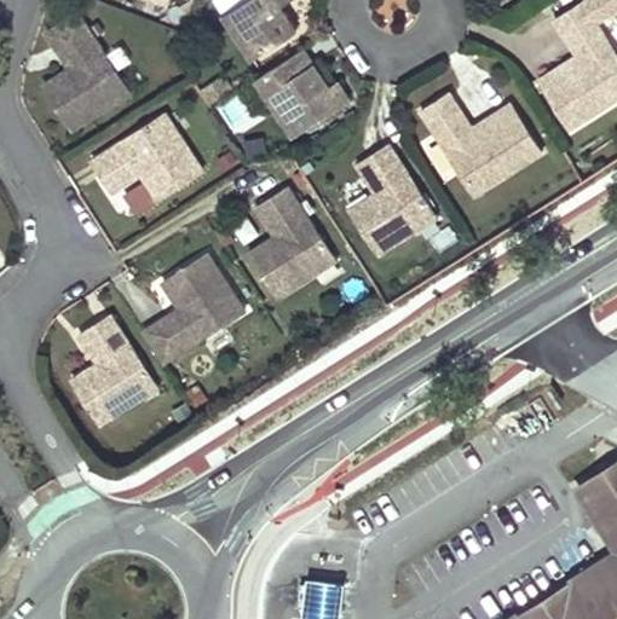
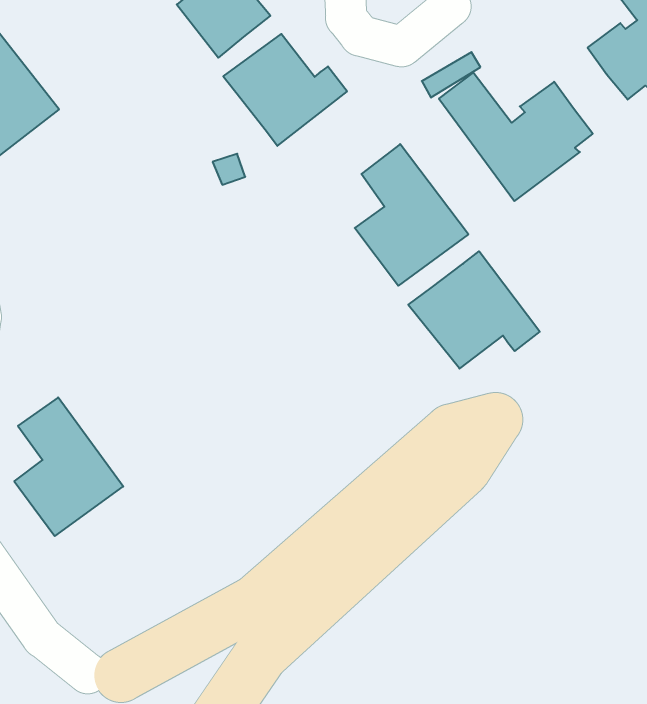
building: [92,116,200,201] -> none
building: [247,185,331,295] -> none
building: none -> [408,251,540,369]
building: [142,254,244,363] -> none

